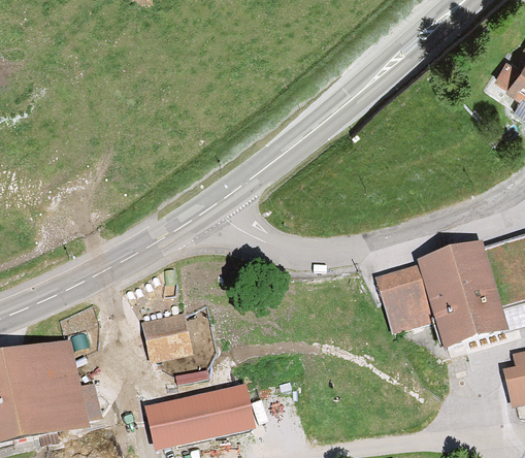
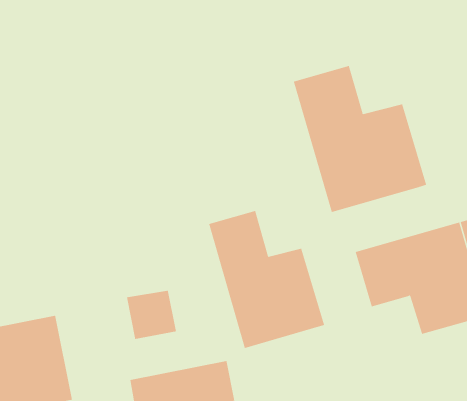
building: none -> [293,65,427,213]
building: none -> [208,210,325,349]

